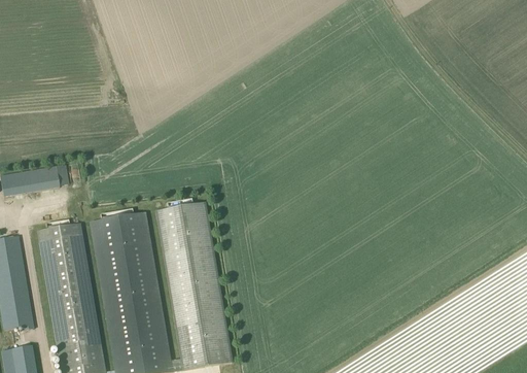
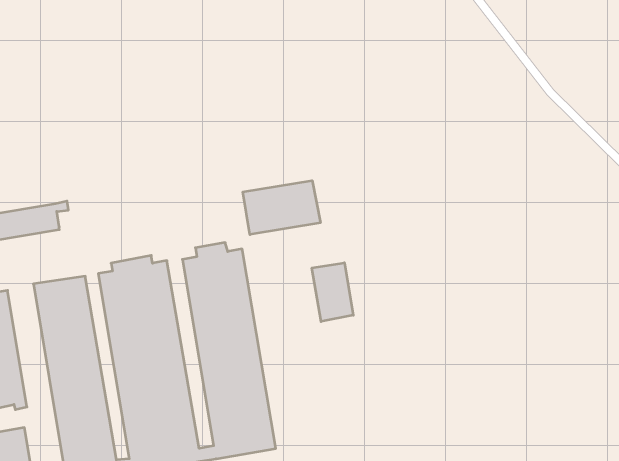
building: none -> [243,181,320,235]
building: none -> [312,263,353,322]

